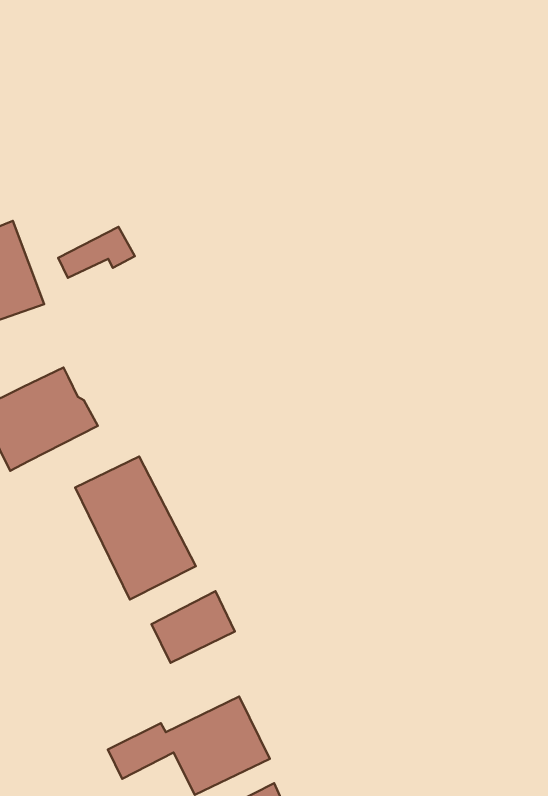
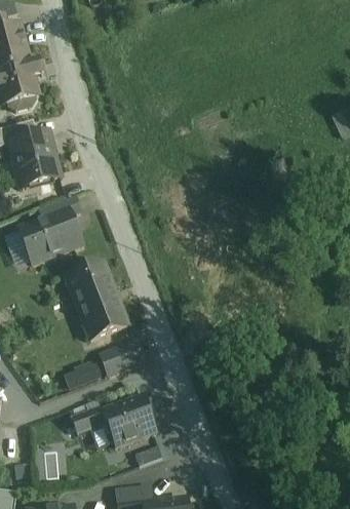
building: [58,227,135,278] -> [39,195,80,220]
building: none -> [67,359,105,387]

